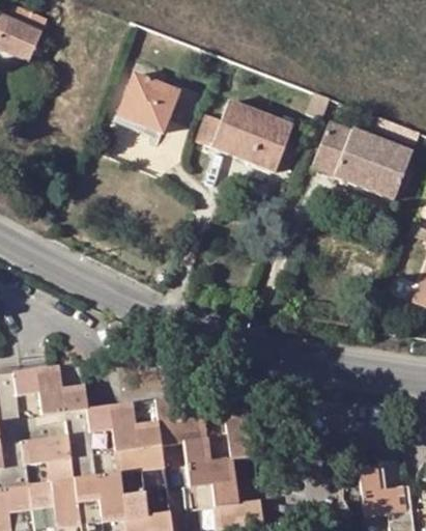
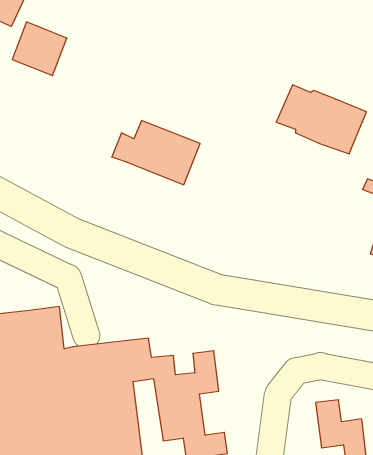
building: [119,77,178,135] -> [12,22,67,76]
building: [198,103,293,172] -> [112,120,200,185]

